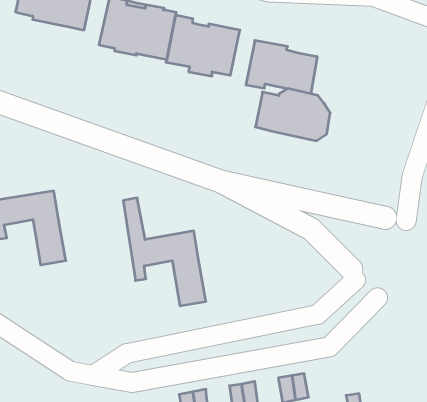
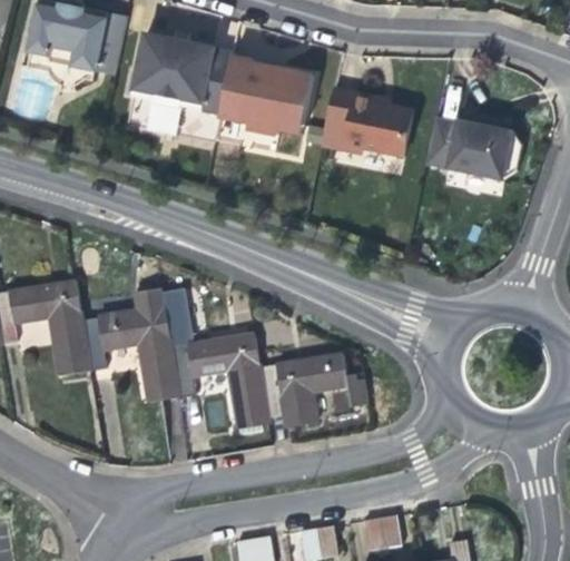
building: [255,89,330,141] -> [425,114,521,180]
building: none -> [81,287,179,401]
building: none -> [259,353,367,426]

